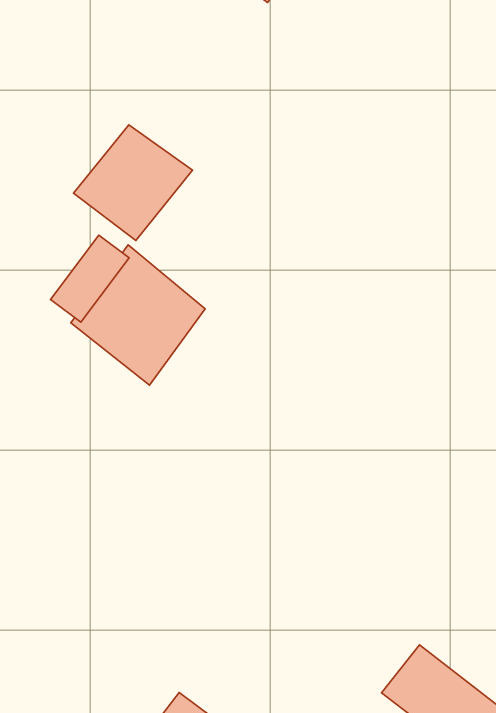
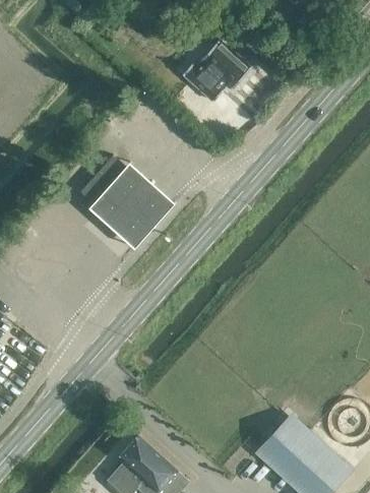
building: none -> [185,41,251,102]
building: [73,125,193,240] -> none

